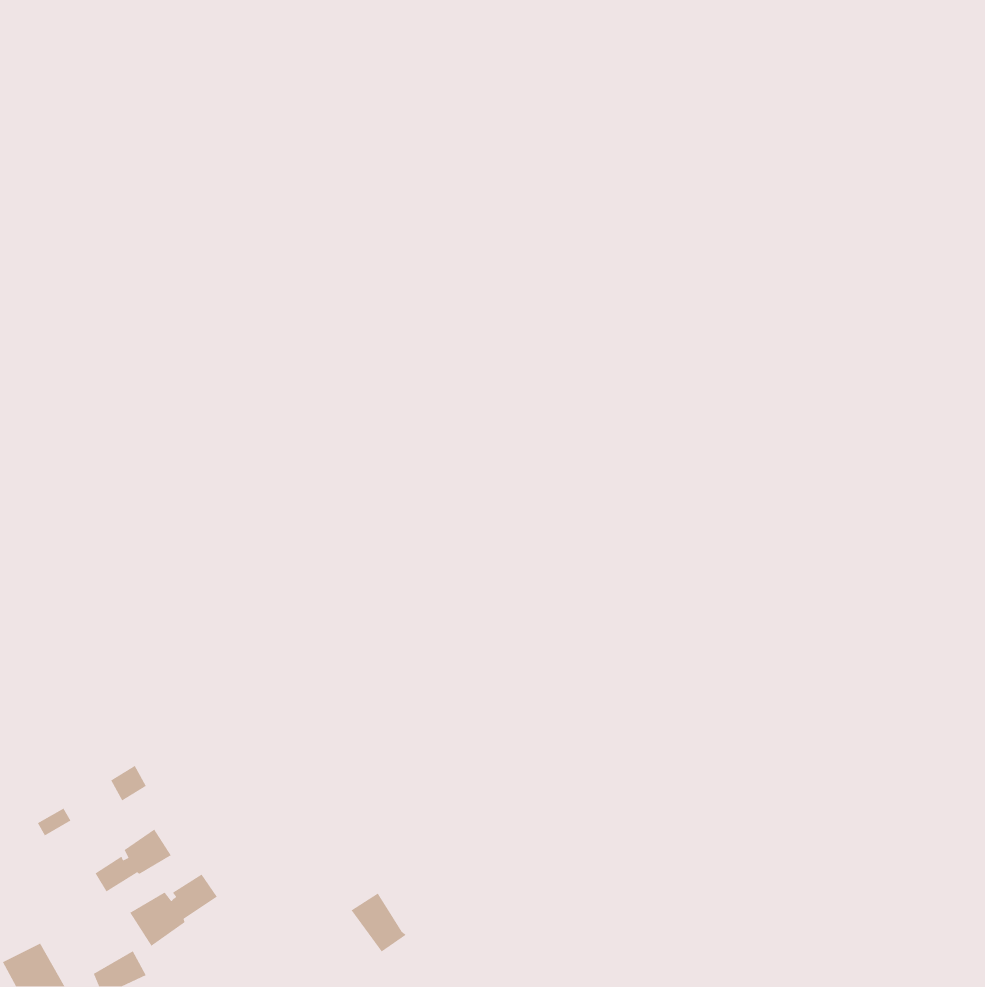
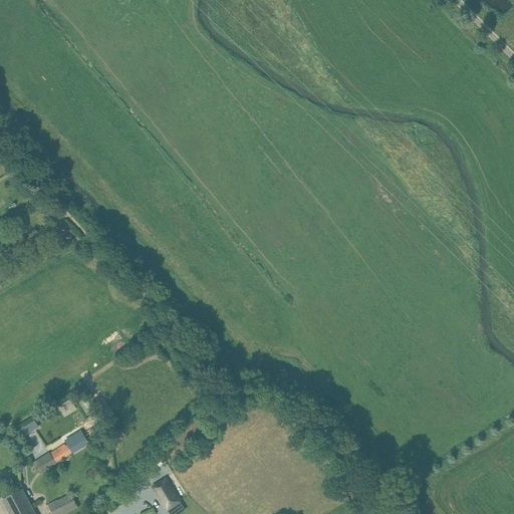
building: [129,873,218,947] -> none
building: [350,893,406,953] -> [151,478,180,509]

